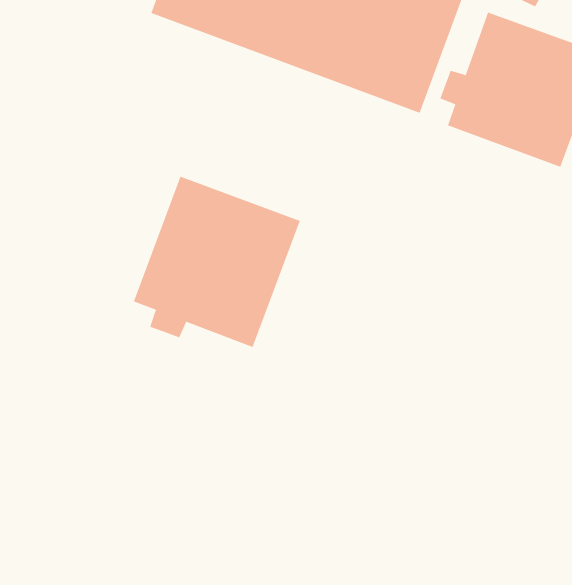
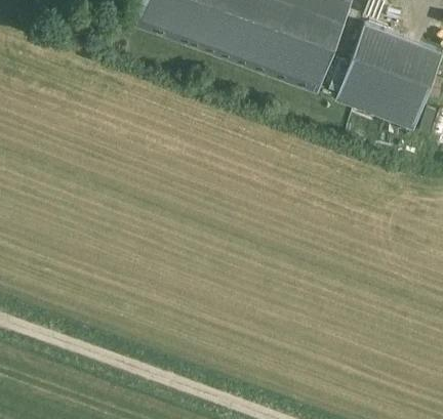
building: [133,176,301,348] -> none

